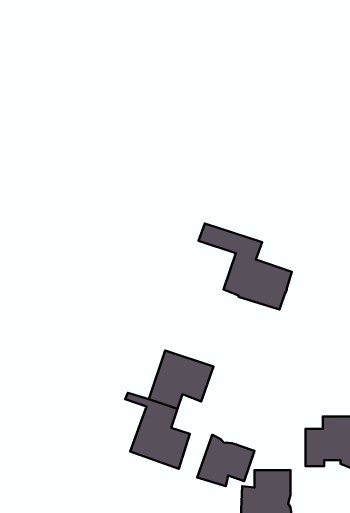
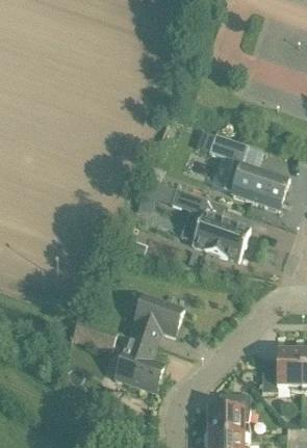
building: none -> [197,128,289,209]
building: [197,435,255,486] -> none

